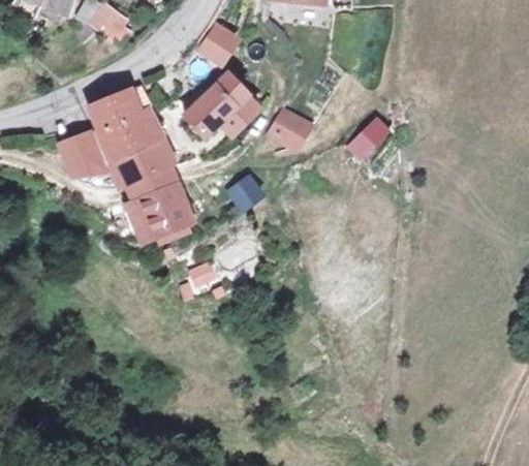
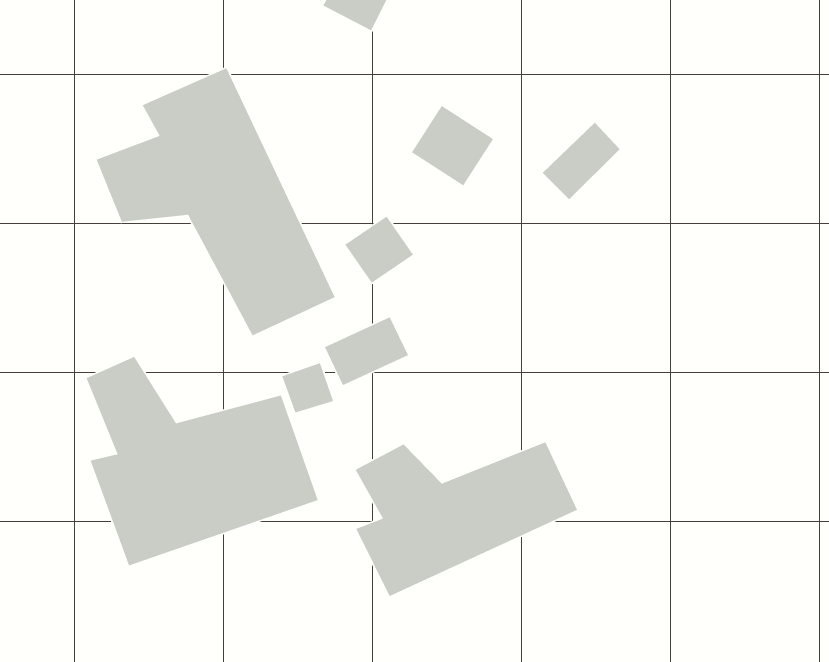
building: [174,59,264,139] -> none
building: none -> [85,356,319,567]
building: none -> [355,441,578,597]

